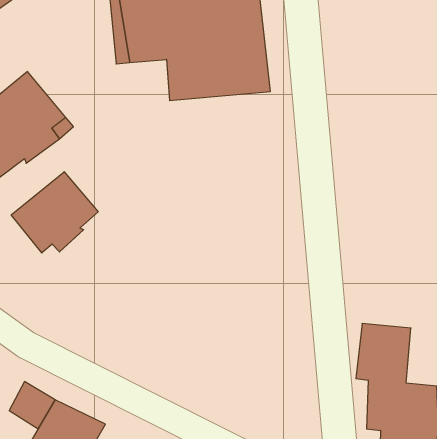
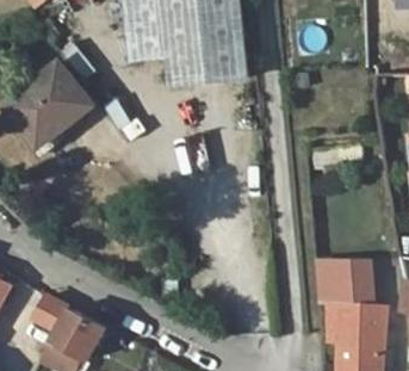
building: [11,172,98,253] -> none

